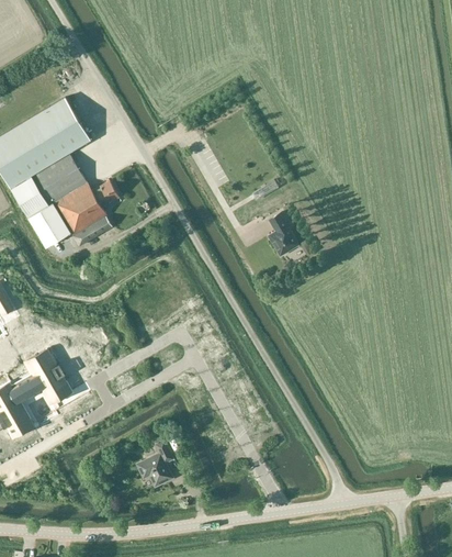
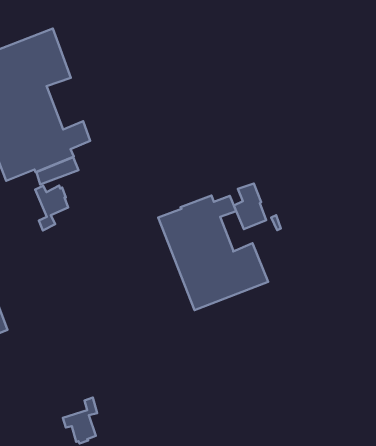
building: none -> [158,195,268,310]
building: none -> [35,186,68,231]

